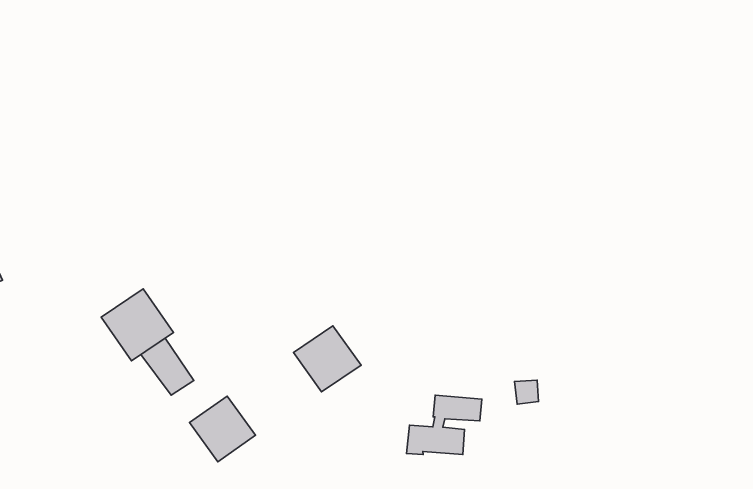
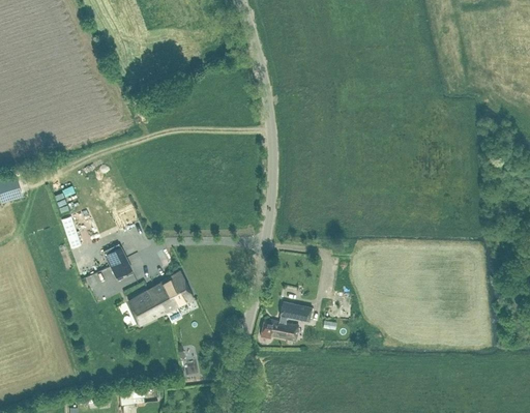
building: [101,289,174,361] -> none
building: [293,326,361,392] -> [152,272,194,313]

